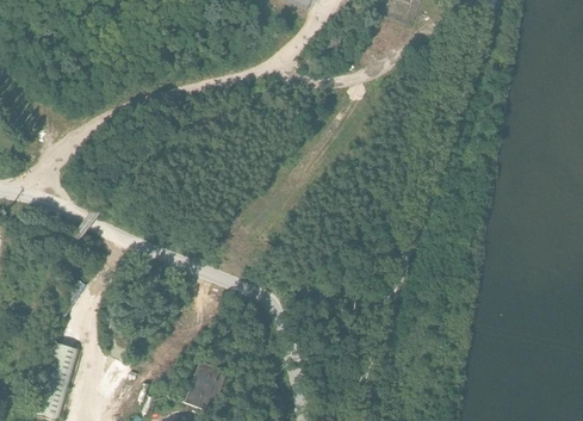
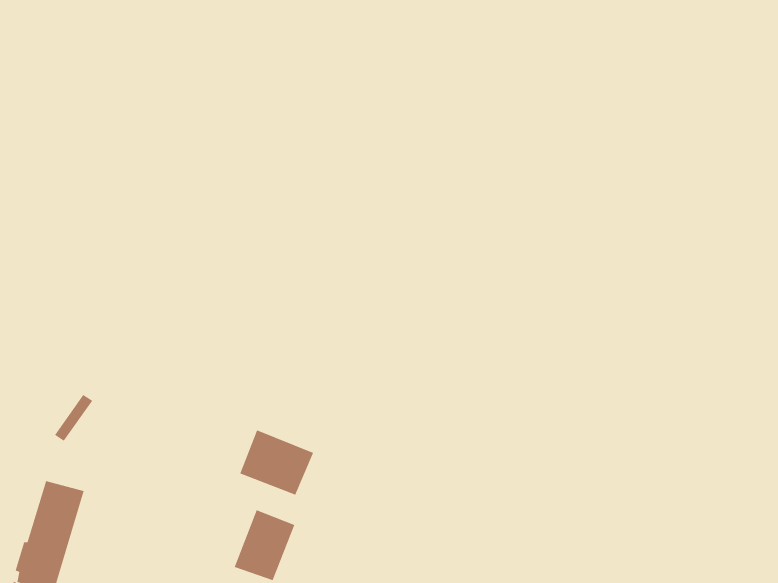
building: none -> [239,429,314,496]

